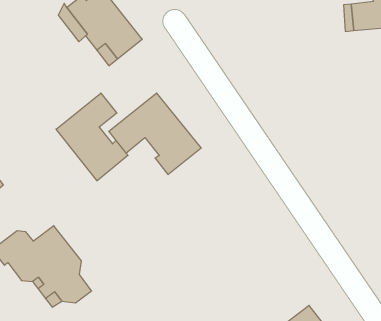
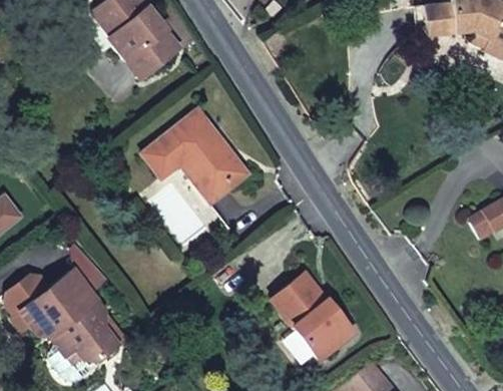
building: [56,93,128,181] -> none
building: none -> [273,272,353,358]

